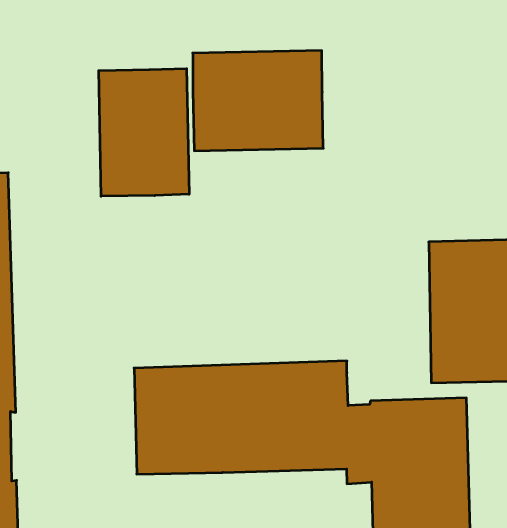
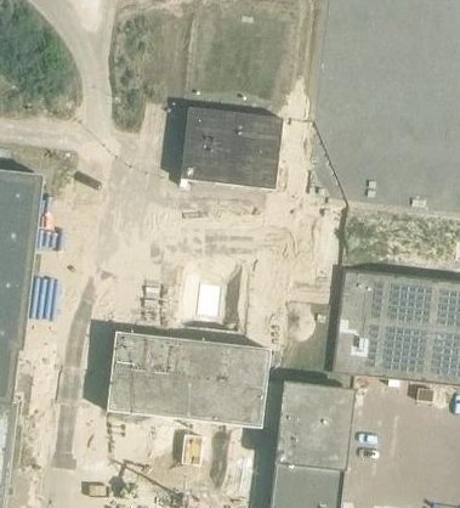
building: [99,69,189,196] -> none

